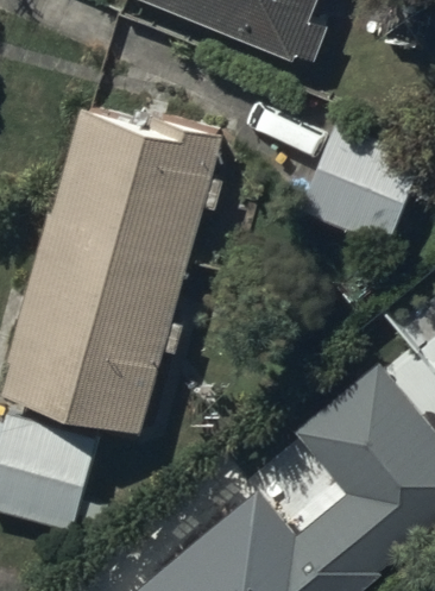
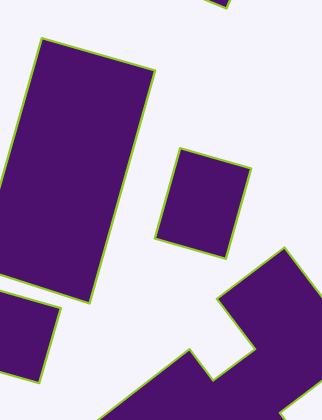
building: [298,118,421,244] -> none
building: none -> [155,148,251,259]

